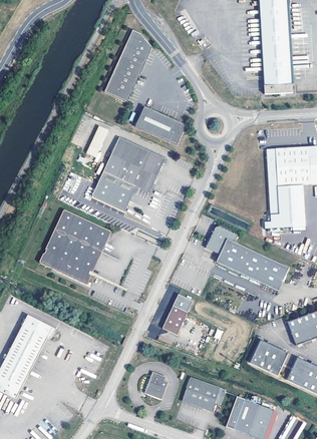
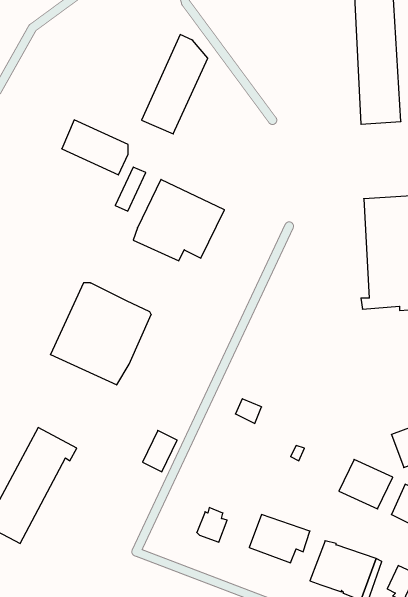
building: [135,105,184,145] -> [62,120,128,175]
building: [90,178,131,209] -> none
building: [206,226,288,289] -> none
building: [162,305,187,335] -> [143,430,177,472]

